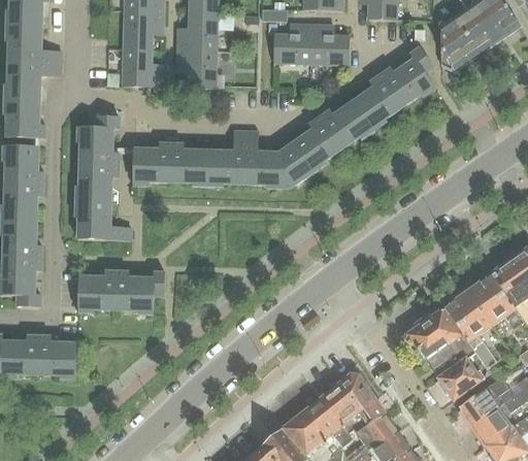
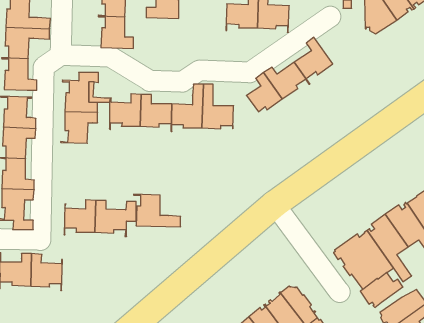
building: [380,45,435,105] -> none
building: [177,50,220,88] -> none
building: [282,143,312,185] -> none
building: [74,200,131,239] -> [134,194,181,227]

